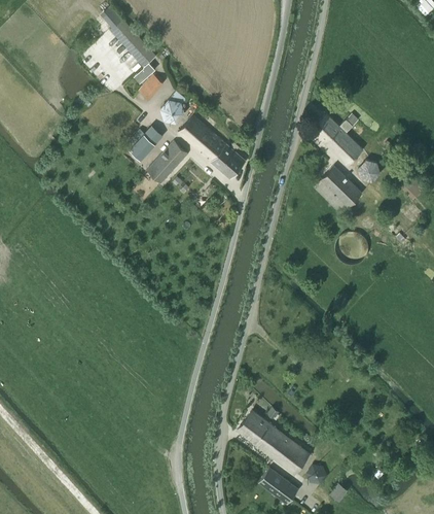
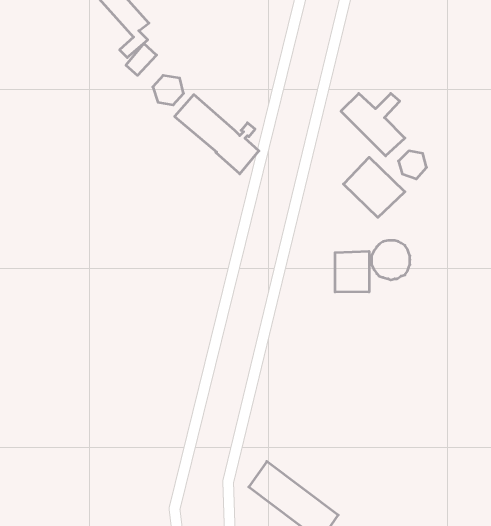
building: [129,127,162,161] -> none
building: [146,141,187,184] -> none
building: none -> [335,251,369,292]

